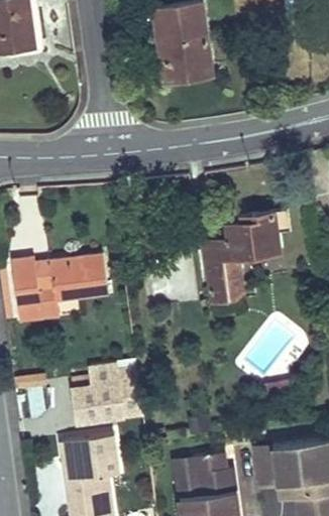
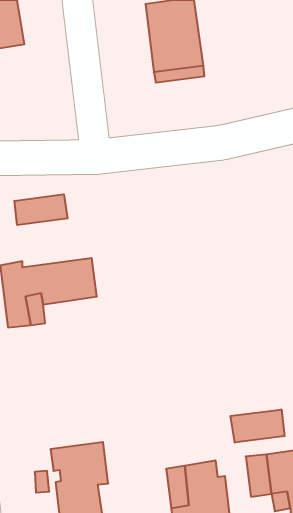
building: none -> [14,194,68,225]
building: [204,213,290,306] -> none
building: [69,370,121,425] -> none
building: none -> [231,409,284,443]

